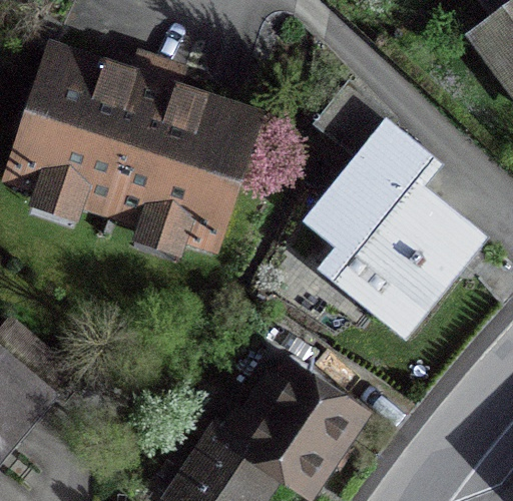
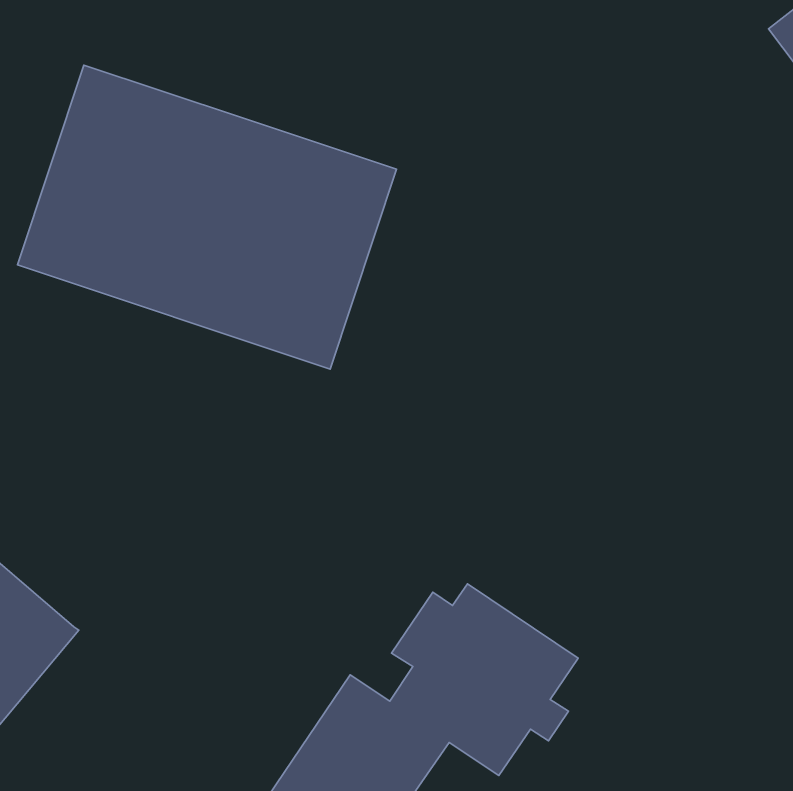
building: [307,126,479,334] -> none

